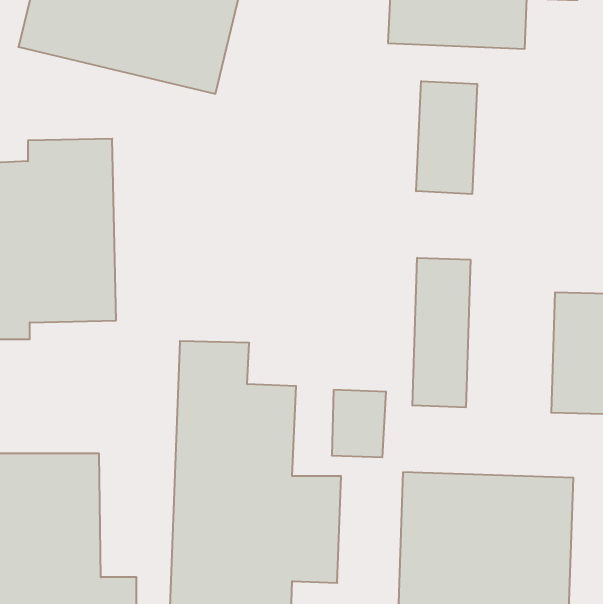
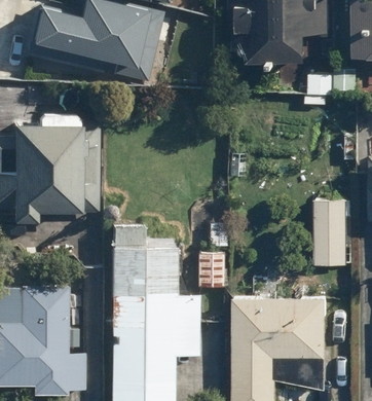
building: [416,81,477,194] -> none
building: [413,258,470,407] -> none

